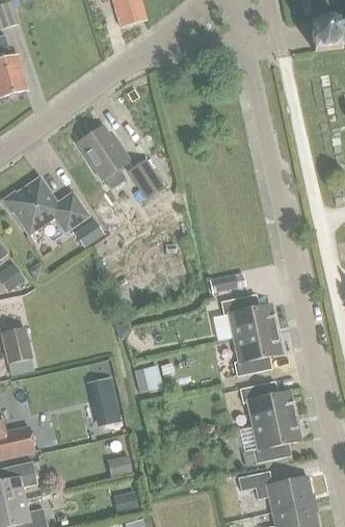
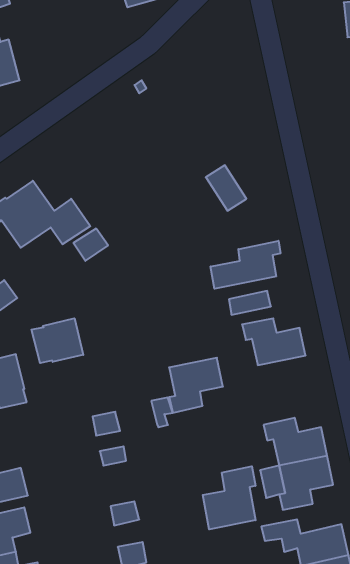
building: [77,126,129,179] -> none
building: [127,159,162,199] -> [206,165,246,211]
building: none -> [211,241,280,289]
building: none -> [31,318,83,363]
building: [234,328,281,376] -> [169,358,223,413]
building: none -> [203,466,256,529]

